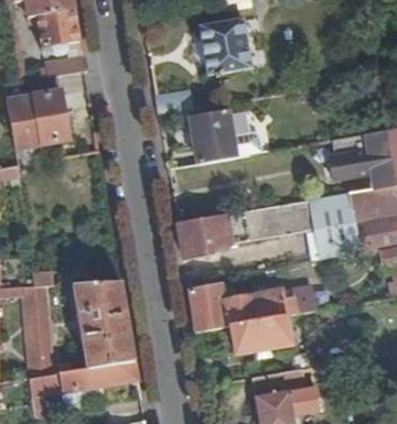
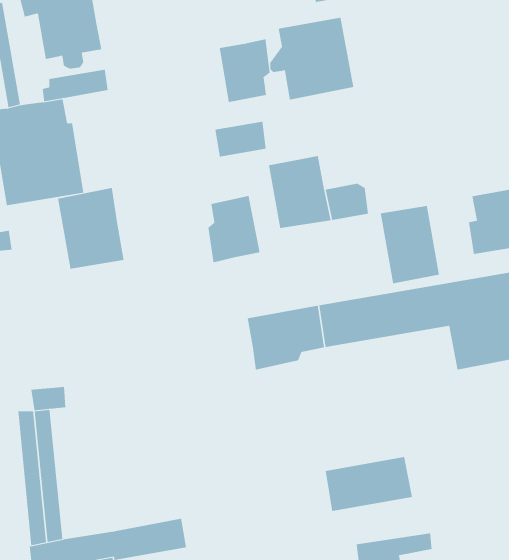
building: none -> [219,39,270,103]
building: none -> [57,187,124,270]
building: none -> [208,195,260,263]
building: none -> [380,205,439,284]
building: [73,282,135,368] -> none
building: [190,285,328,333] -> none

